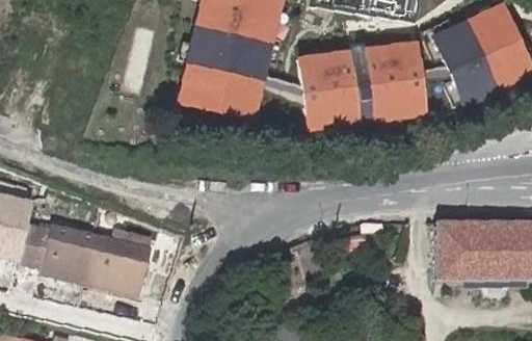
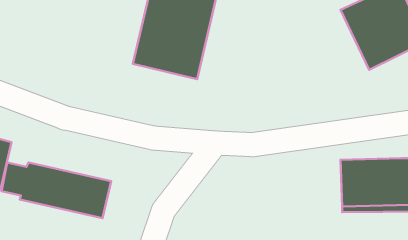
building: [365,40,427,123] -> none
building: [297,50,360,131] -> none

